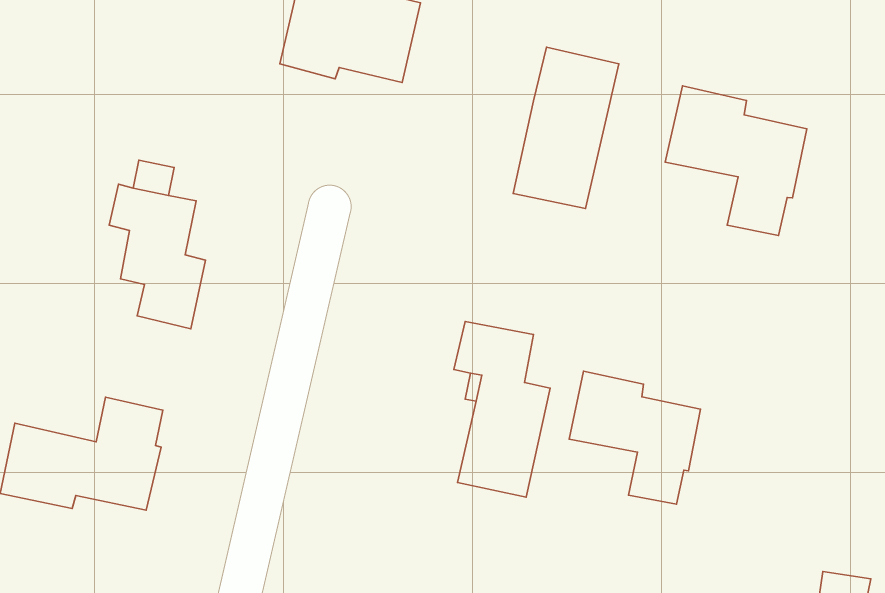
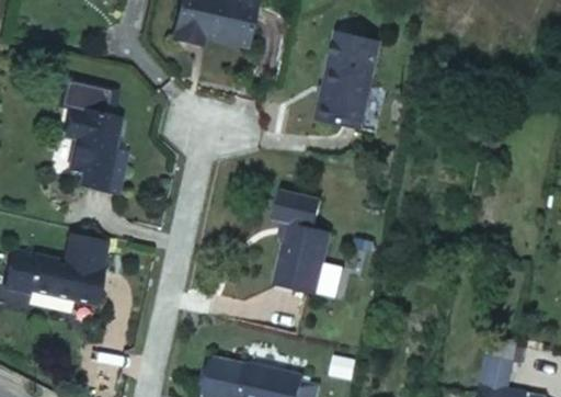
building: [665,86,807,236] -> none
building: [569,371,700,504] -> none

